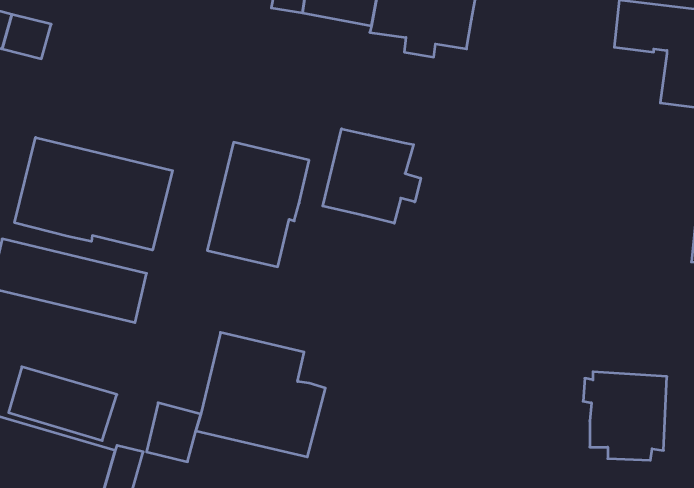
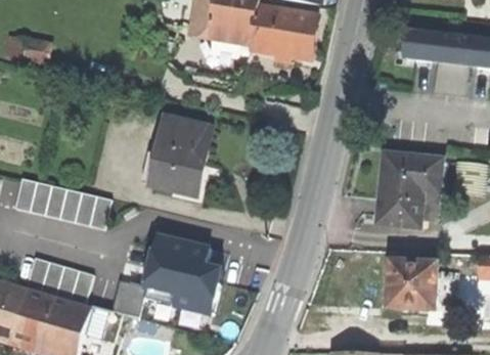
building: [323,129,421,223] -> none
building: [15,137,173,250] -> none
building: none -> [374,153,441,226]

